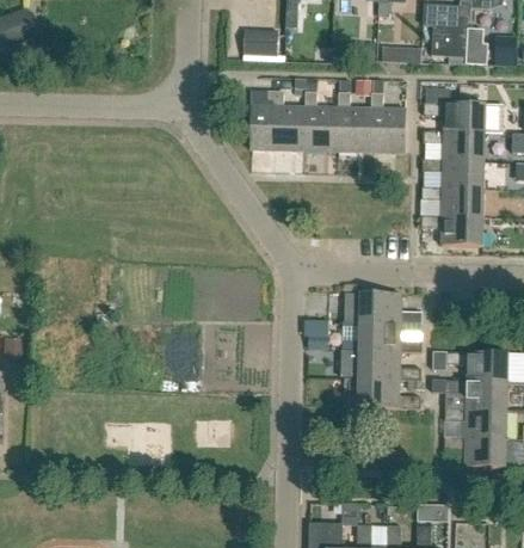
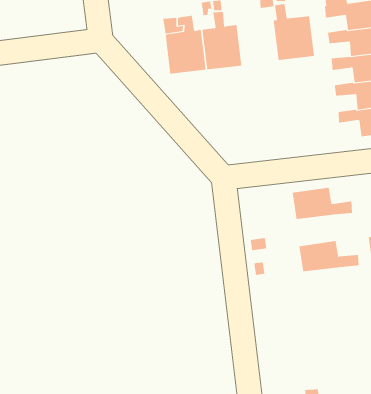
building: [327,92,366,152] -> none
building: [343,321,420,351] -> none
building: [357,377,419,407] -> none

